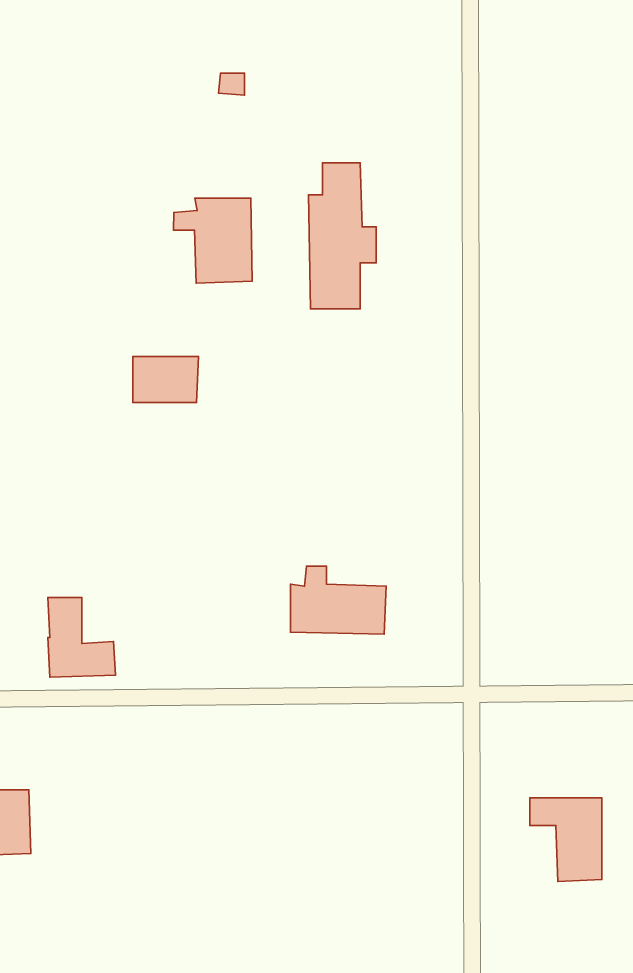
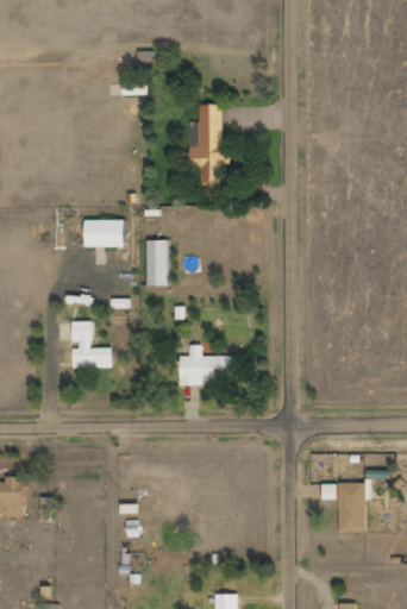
building: [174,198,252,283] -> none
building: none -> [145,240,168,285]
building: [48,597,116,677] -> [73,321,113,369]

